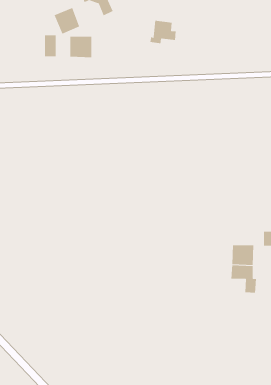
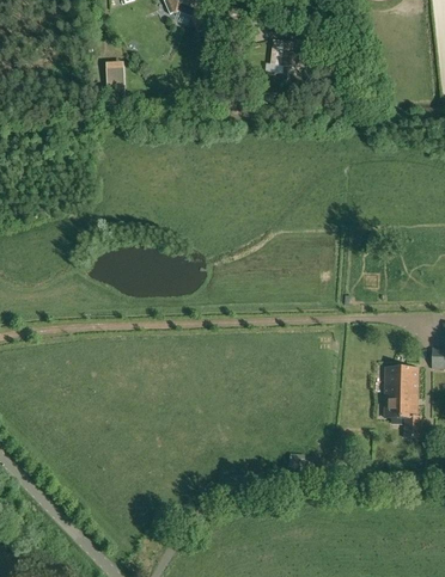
building: [54,7,80,34] -> none
building: [70,36,92,58] -> none

